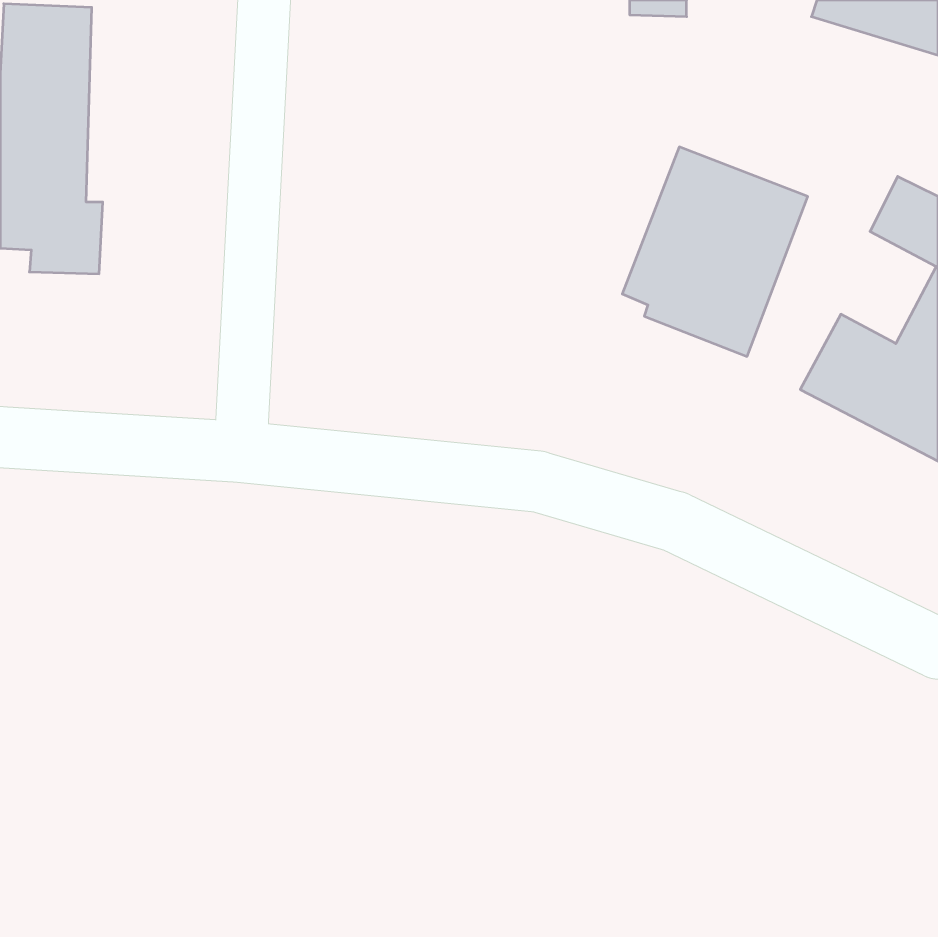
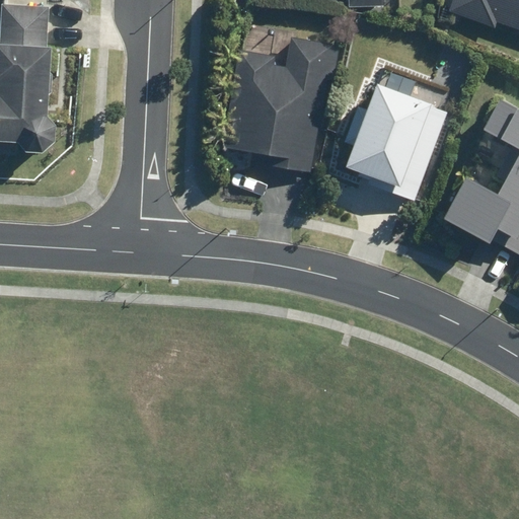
building: none -> [221,36,336,176]

